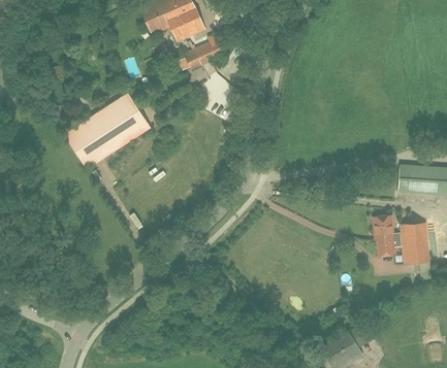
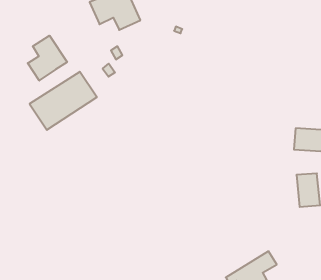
building: [183,37,224,72] -> none
building: none -> [28,36,67,81]
building: [373,214,394,255] -> none

